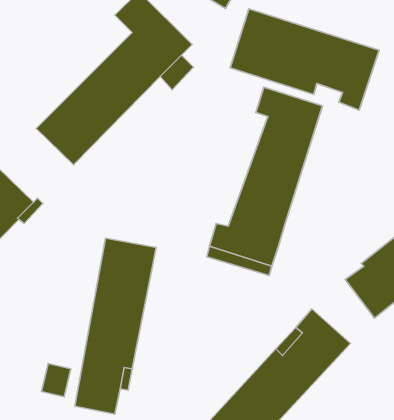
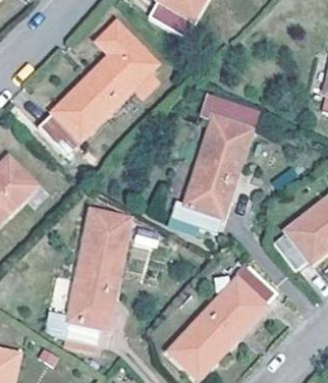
building: [230,9,379,110] -> none

